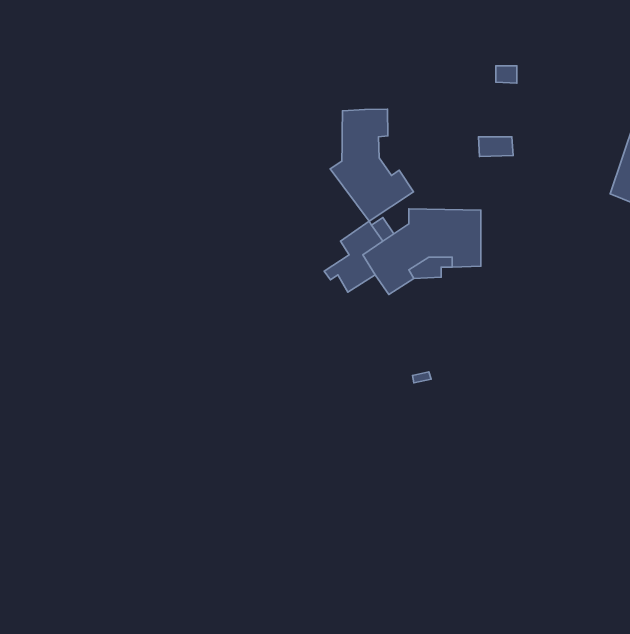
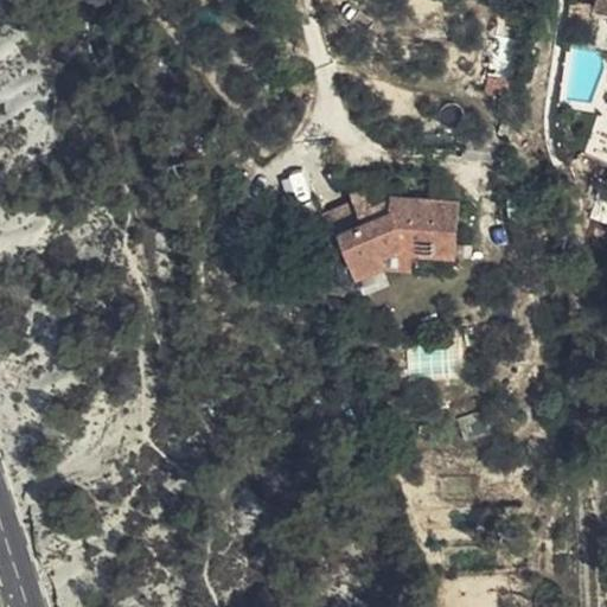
building: [330,109,413,221] -> none

